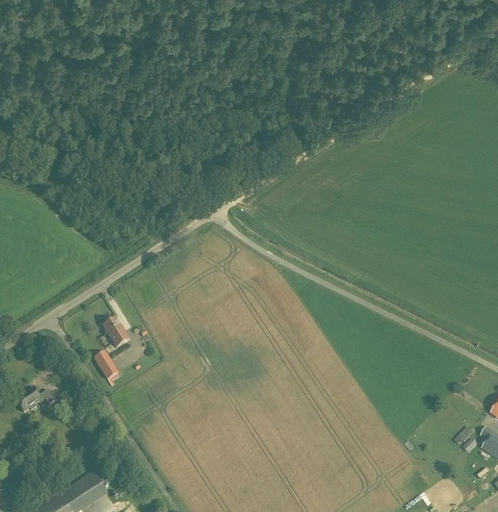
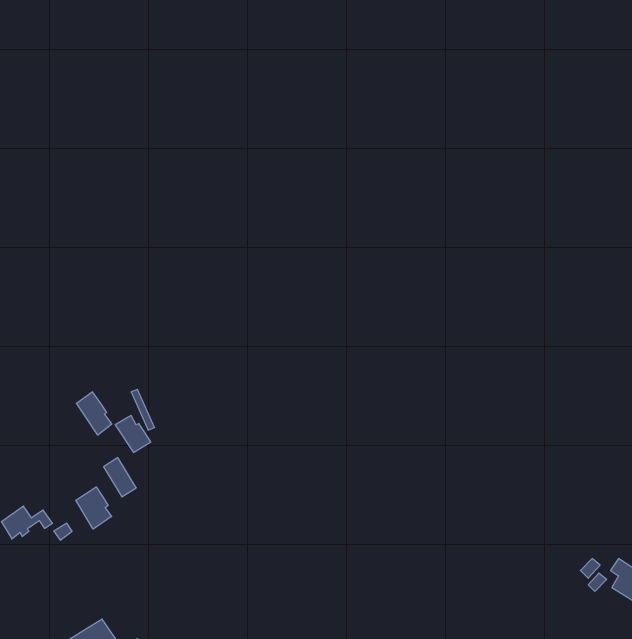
building: none -> [77,392,112,435]
building: none -> [76,487,112,529]

